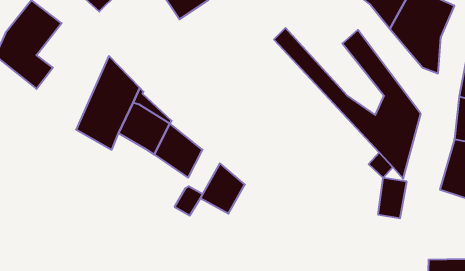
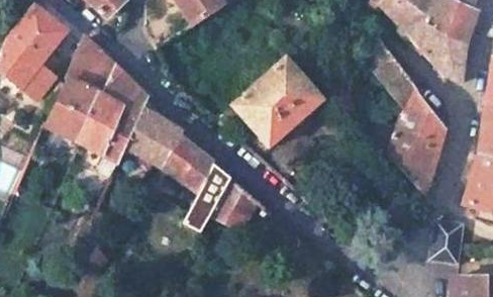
building: none -> [50,36,117,141]
building: none -> [216,56,320,147]
building: [378,178,407,218] -> [430,219,461,262]

